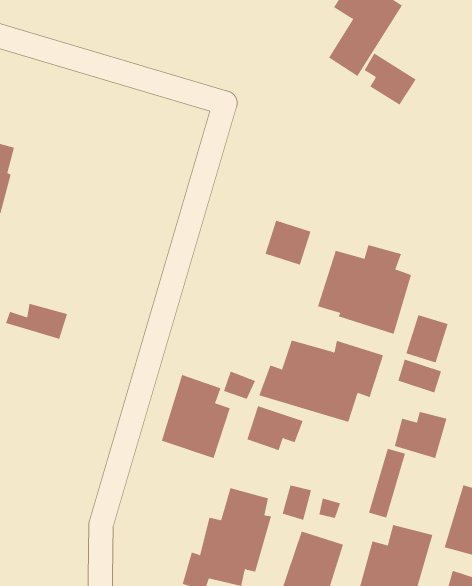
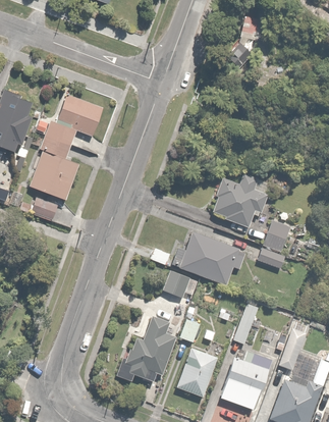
building: [364,52,416,106] -> none
building: none -> [28,94,104,201]
building: [265,220,311,266] -> none
building: [161,374,230,459] -> none
building: [394,411,447,459] -> none

